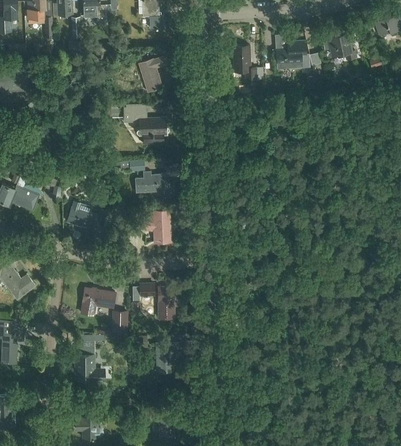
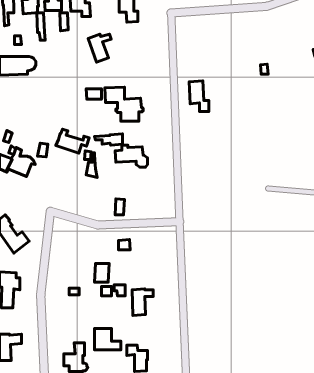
building: [322,35,356,61] -> none
building: [277,42,310,71] -> none
building: [233,45,256,81] -> [189,81,209,111]
building: [138,59,165,92] -> [88,34,111,62]
building: [67,203,106,231] -> [56,129,89,153]
building: [139,212,171,243] -> none
building: [157,287,174,319] -> none
building: [81,289,115,317] -> none
building: [75,355,106,380] -> [94,329,121,350]

